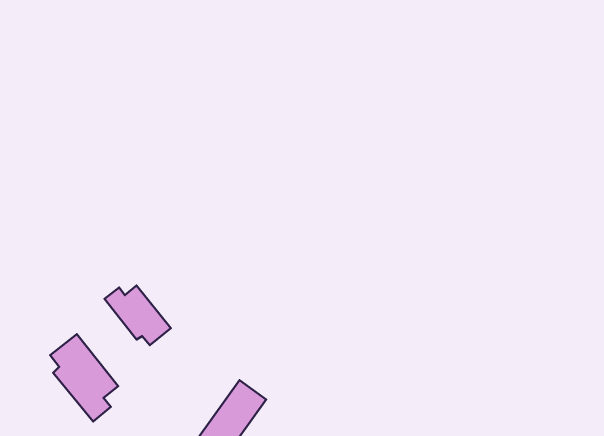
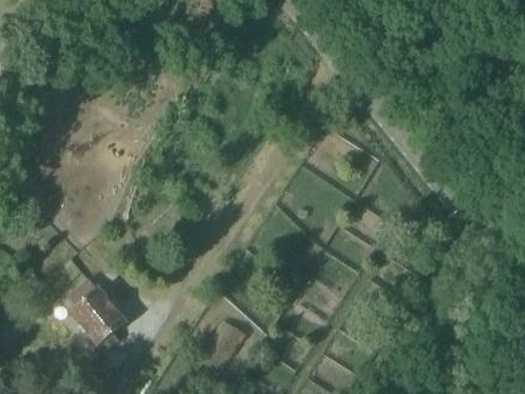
building: [105,286,171,345] -> none

